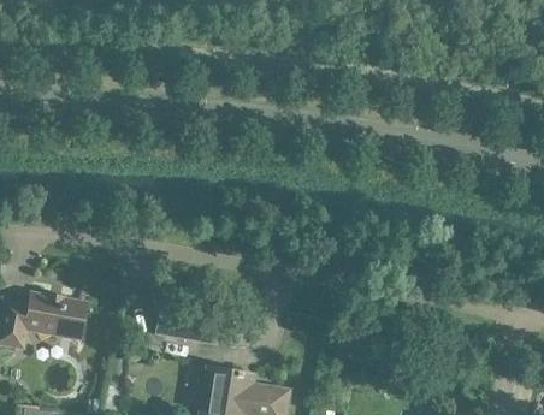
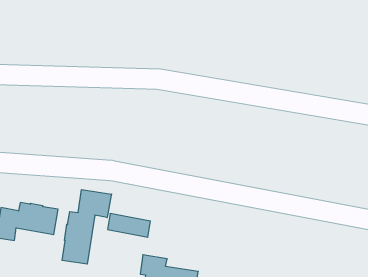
building: none -> [62,190,112,264]

